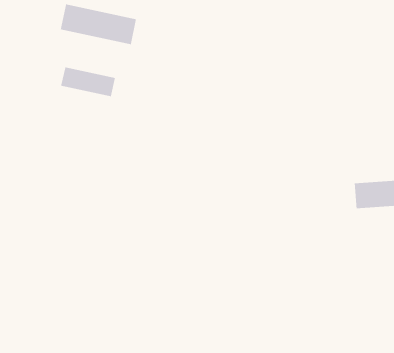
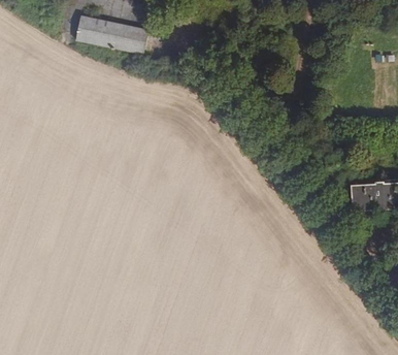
building: [60,67,116,97] -> none

